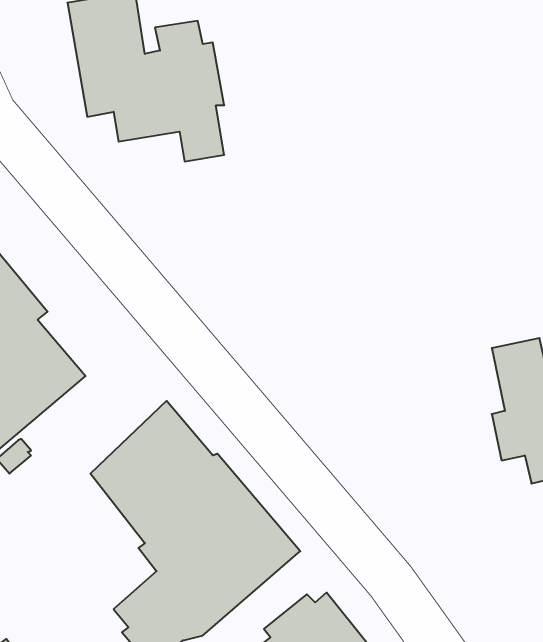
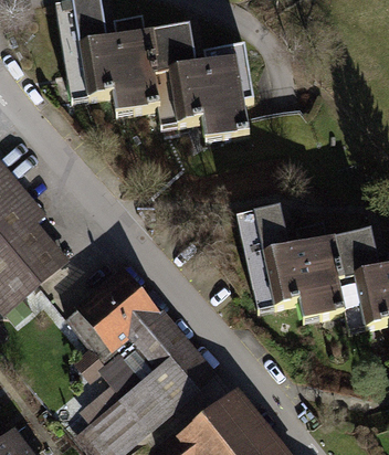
building: none -> [151,28,253,138]
building: none -> [236,208,347,318]

